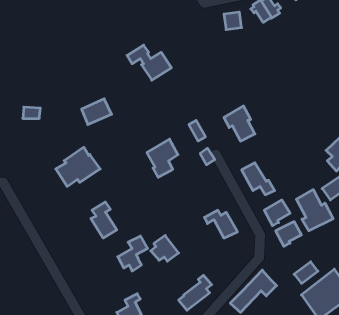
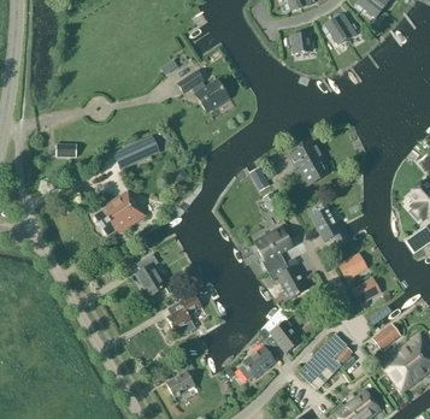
building: [147,139,178,177] -> [254,228,290,272]
building: [296,190,333,231] -> none
building: [151,235,179,261] -> [266,321,299,352]

